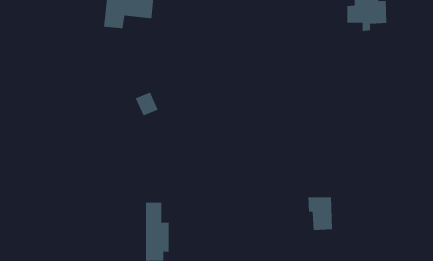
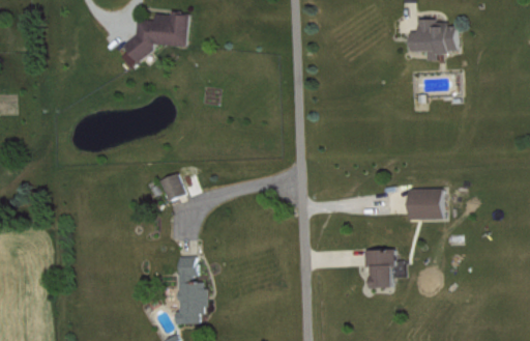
building: [135,92,159,116] -> [160,174,187,202]
building: none -> [407,190,441,220]

